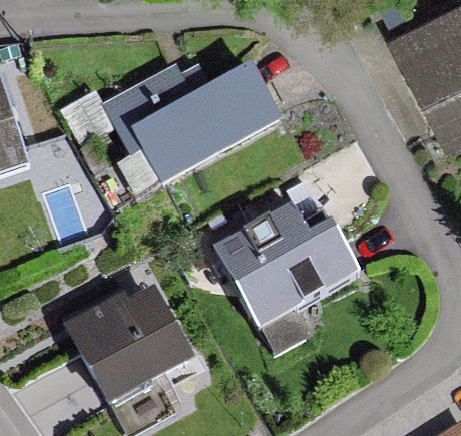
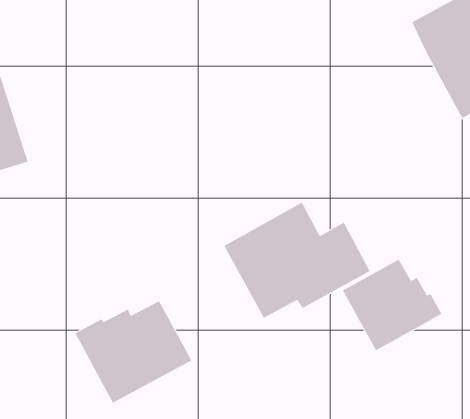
building: [105,66,278,181] -> none
building: none -> [342,259,442,351]

